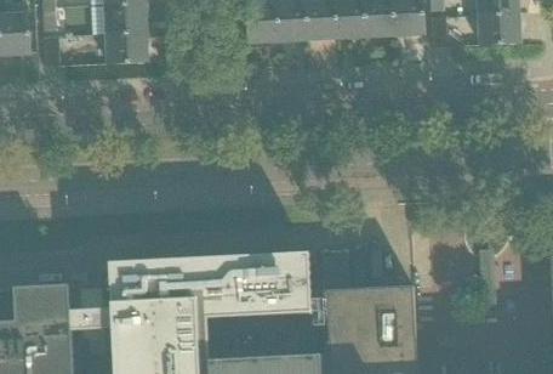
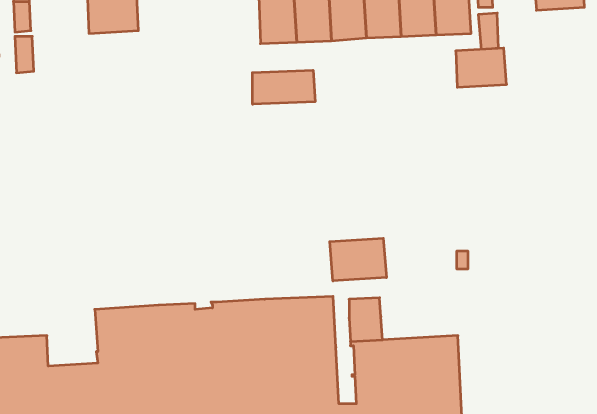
building: [478,11,520,44] -> [456,48,507,87]
building: [104,30,147,62] -> none
building: none -> [252,70,315,104]
building: none -> [330,238,386,281]

